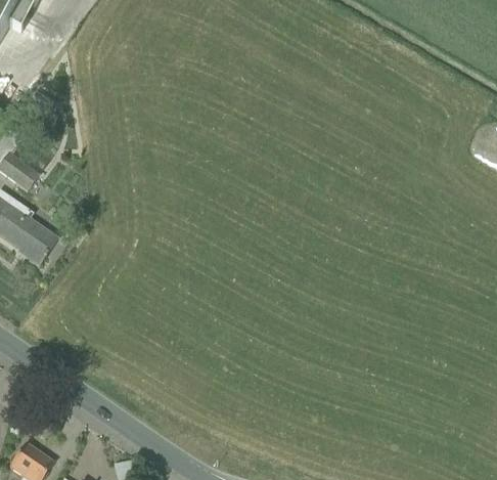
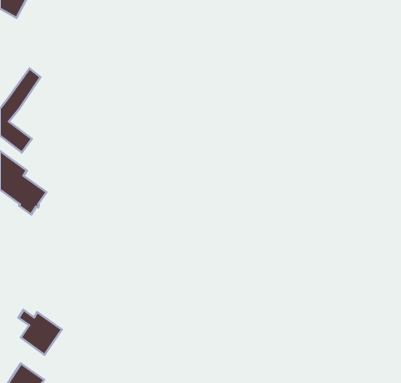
building: none -> [19,310,62,355]

